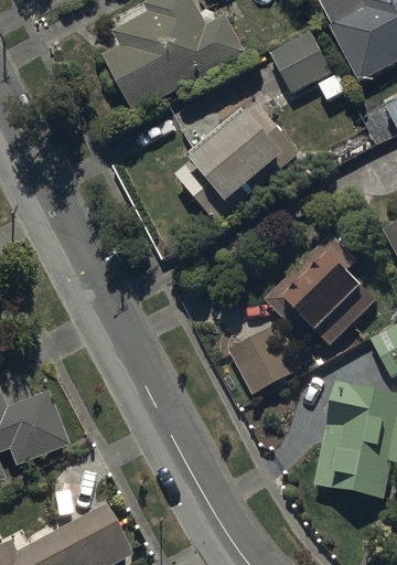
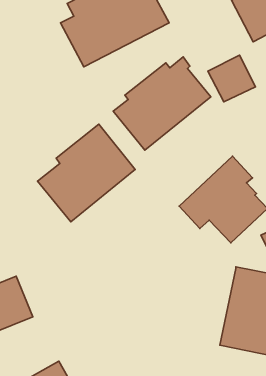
building: [270,30,333,92] -> [208,55,255,102]
building: none -> [38,124,135,222]
building: [229,327,298,394] -> none

